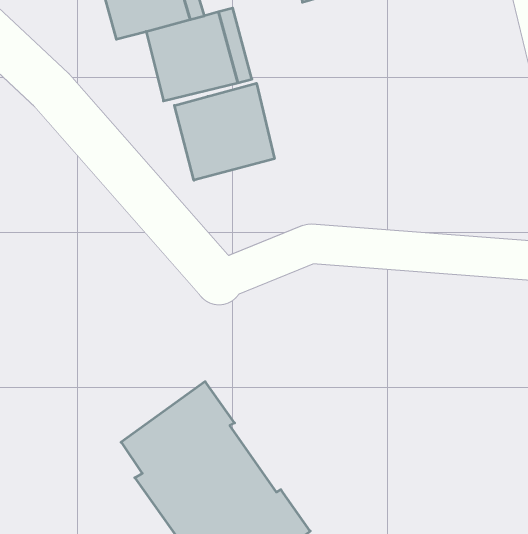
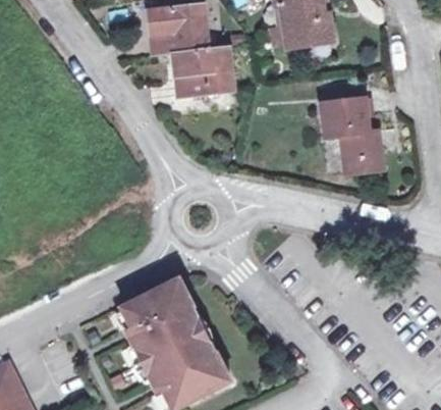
building: none -> [322,101,384,172]
building: [174,83,274,180] -> none

